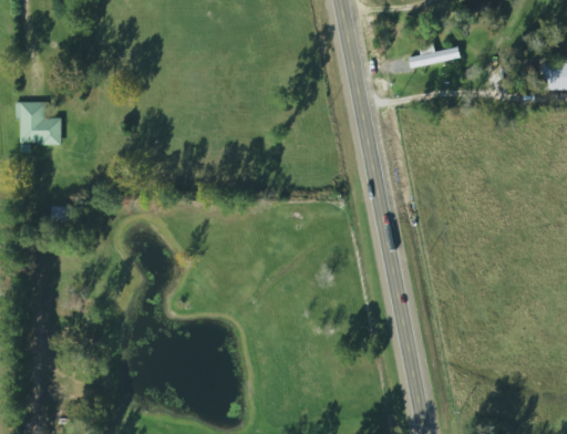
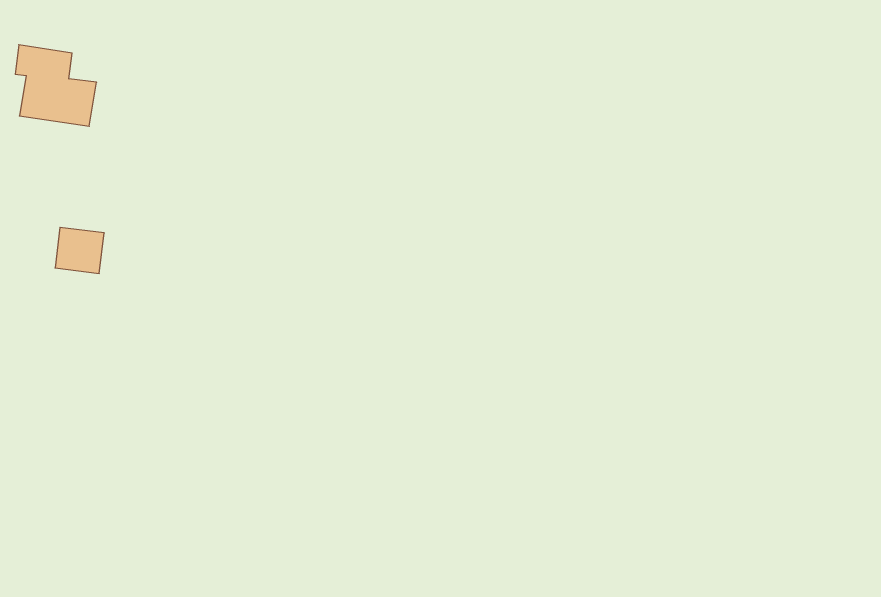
building: [405,44,461,68] -> none

